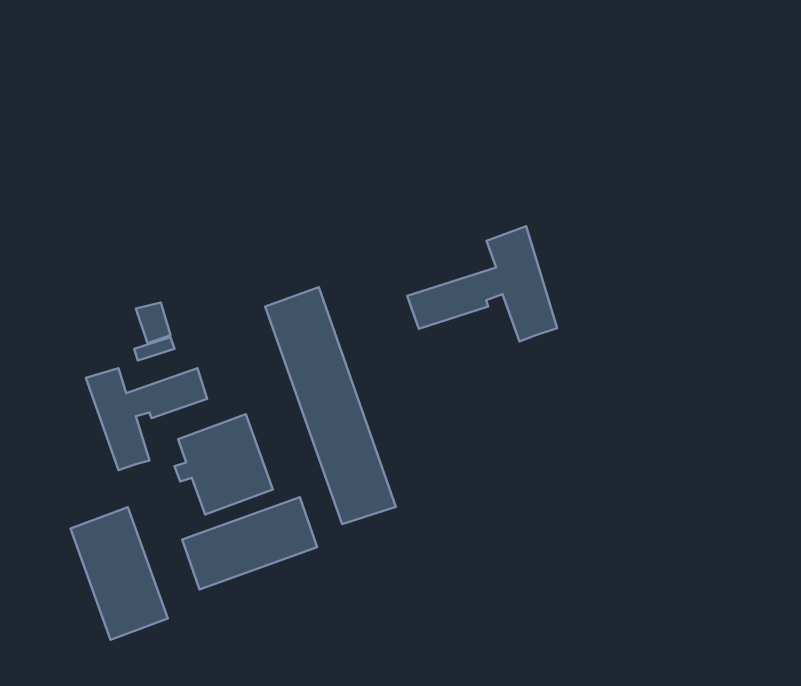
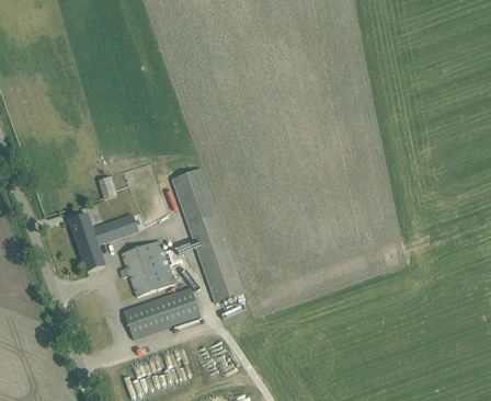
building: [407,226,557,341] -> none
building: [70,507,168,640] -> none

